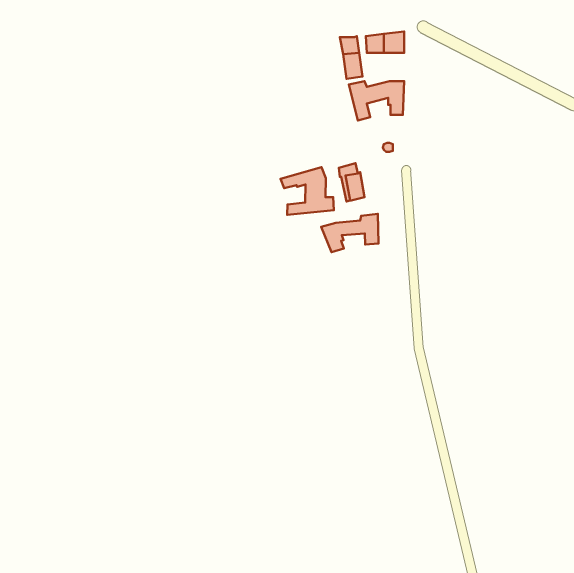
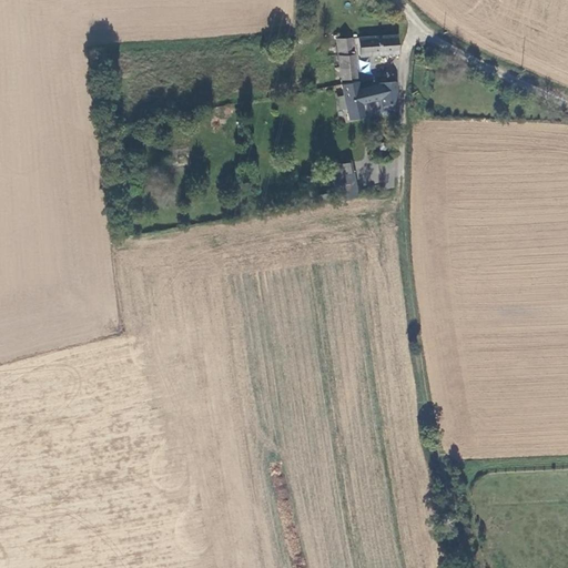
building: [281,167,334,215] -> none
building: [321,214,378,252] -> none

